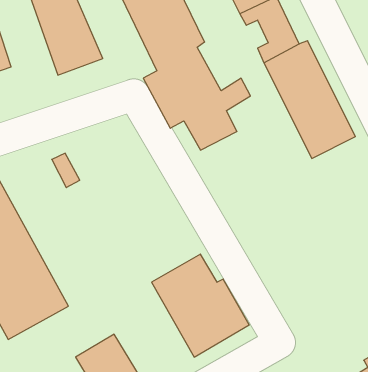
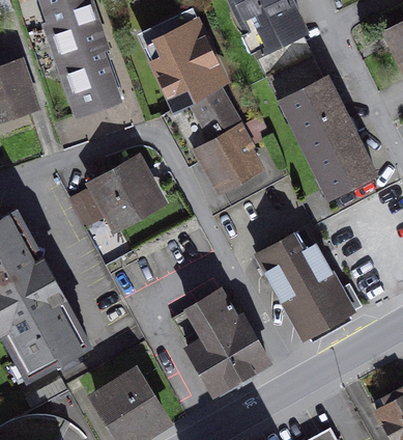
building: none -> [96,164,157,225]
building: none -> [258,232,353,339]

